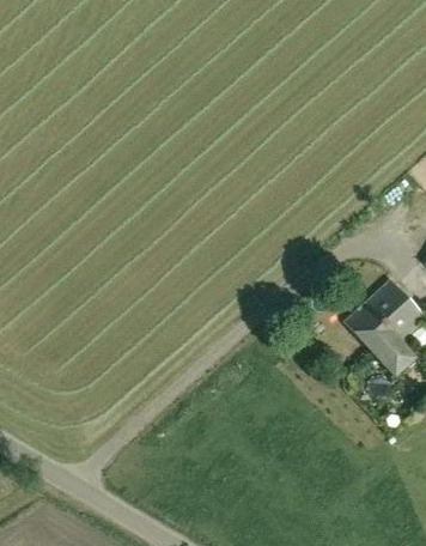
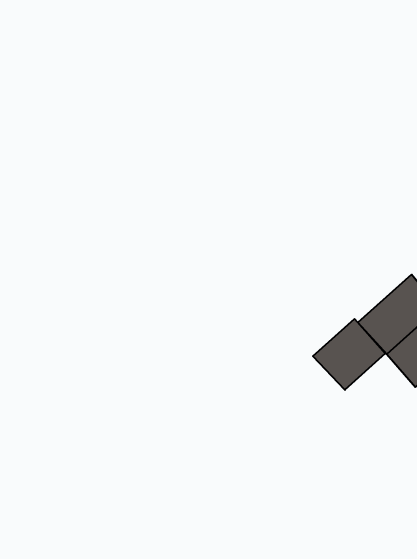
building: none -> [313,319,385,390]

